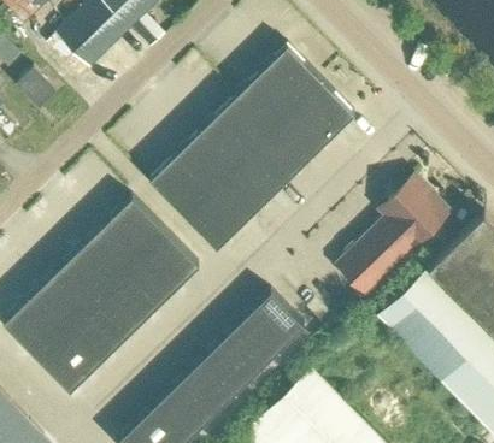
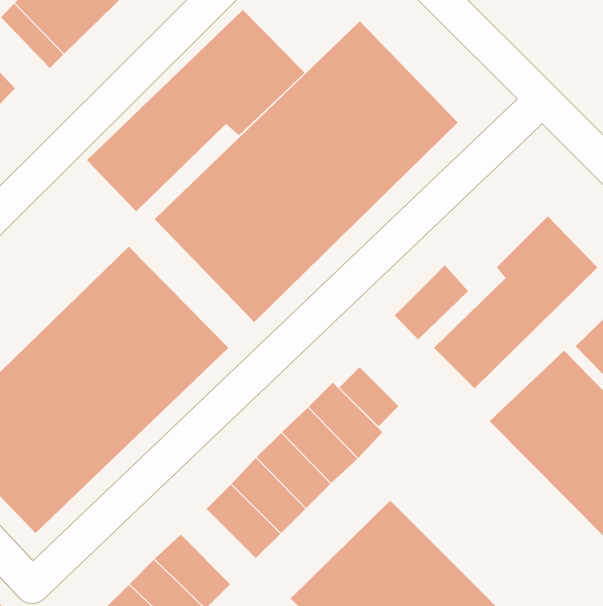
building: none -> [86,9,306,212]
building: none -> [394,265,469,340]
building: none -> [339,367,399,427]
building: [167,376,218,426] -> none

